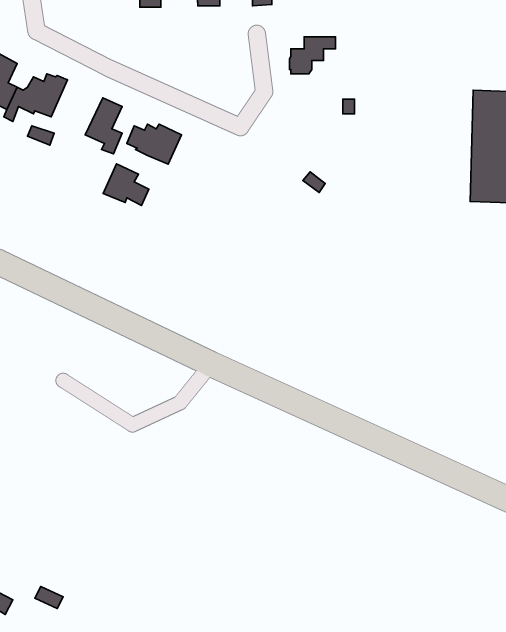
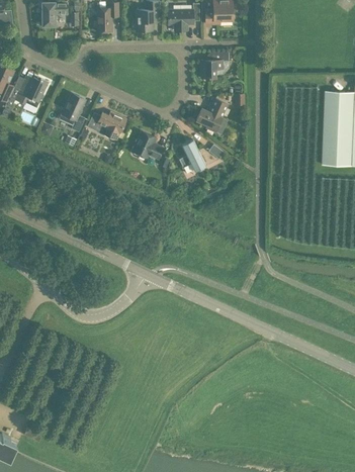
building: none -> [196,98,227,132]
building: [103,164,149,205] -> [131,131,163,160]
building: none -> [179,139,205,172]

